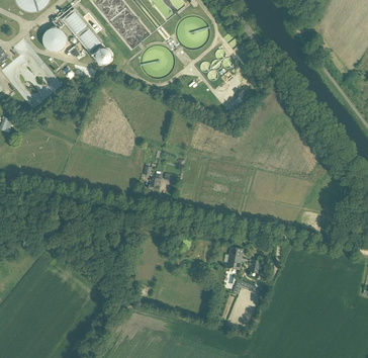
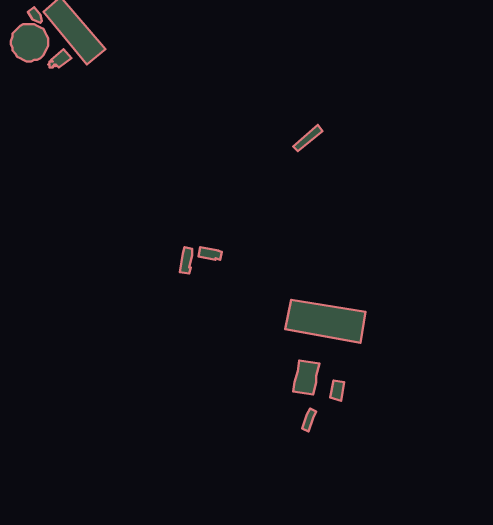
building: none -> [285,300,366,343]

